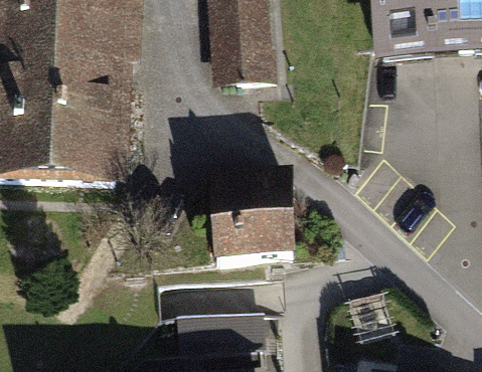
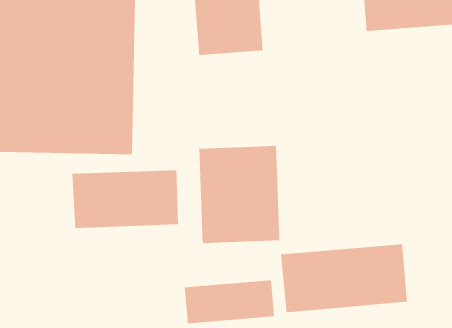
building: none -> [72,170,179,229]
building: none -> [280,244,407,313]

